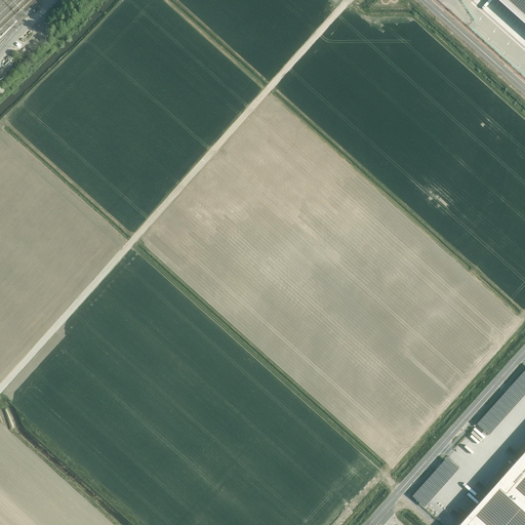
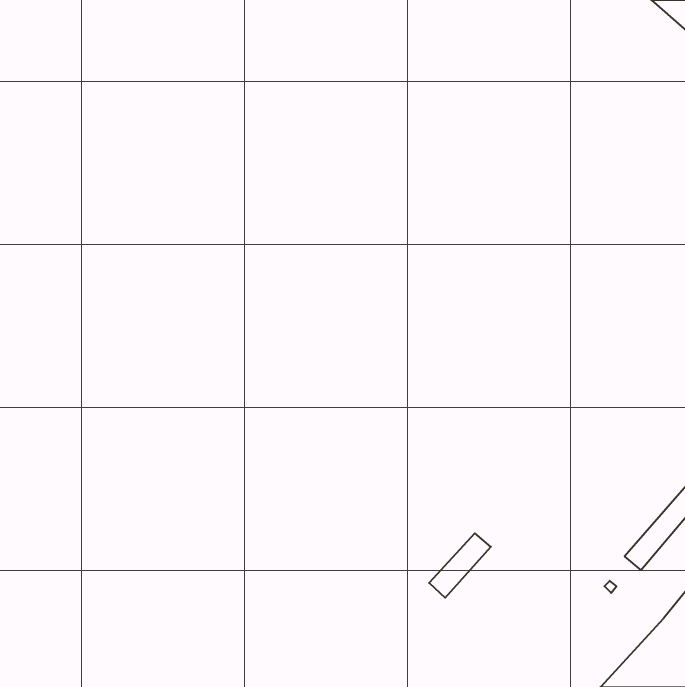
building: [413,458,460,508] -> [429,533,491,598]

